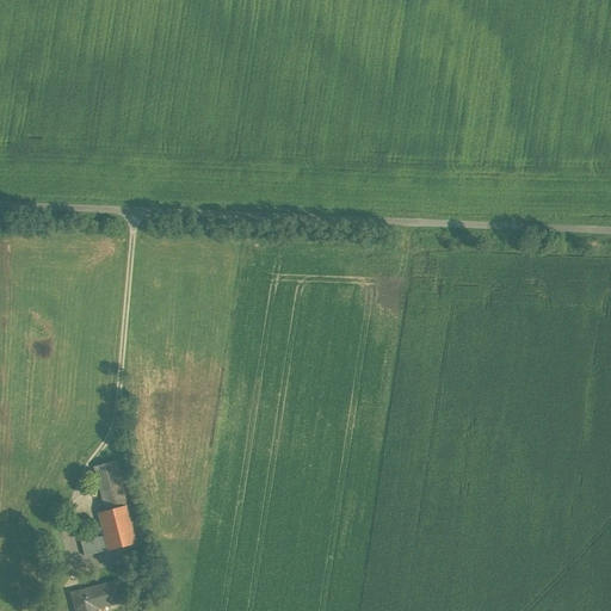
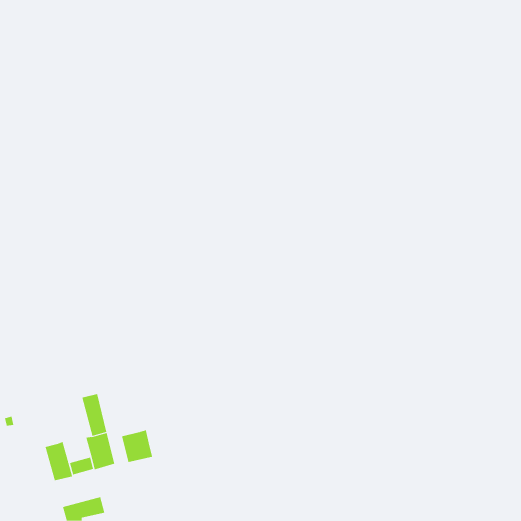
building: none -> [122,429,153,463]
building: none -> [45,441,73,481]

